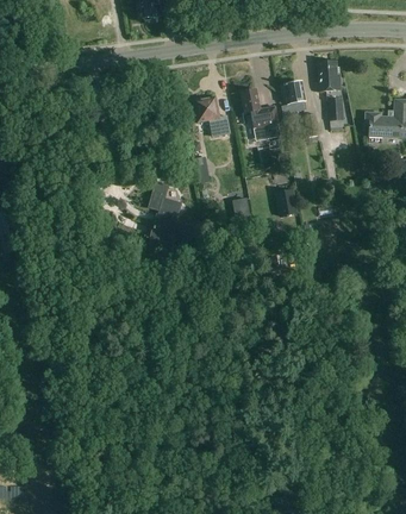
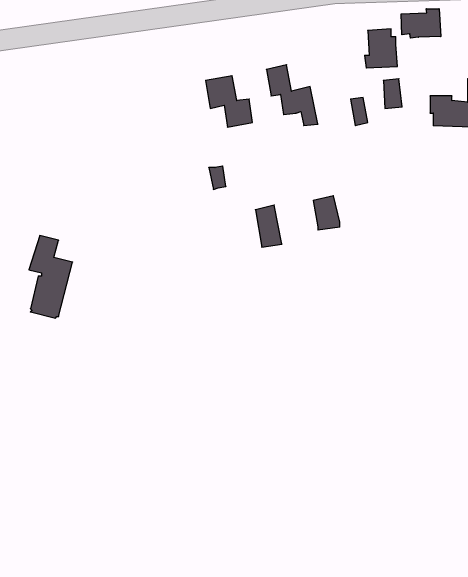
building: none -> [401,9,441,38]
building: [281,81,306,115] -> none
building: [148,181,181,244] -> [29,236,73,318]

